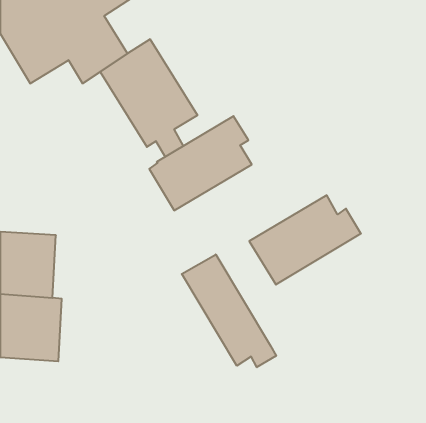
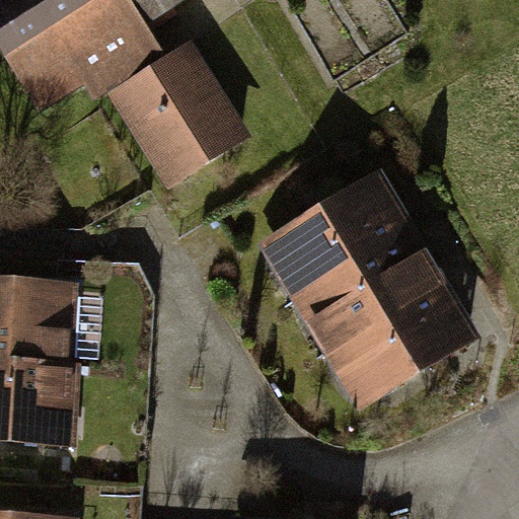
building: [149,116,252,210] -> [273,178,397,293]
building: none -> [336,290,470,396]
building: [182,254,276,367] -> none

